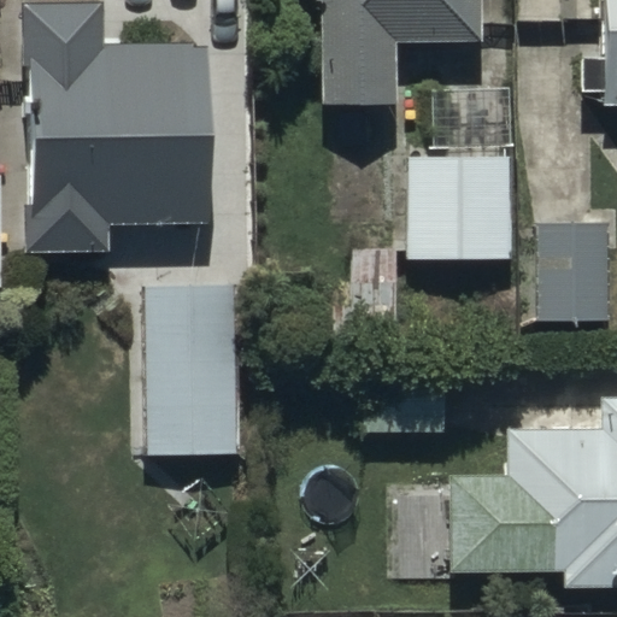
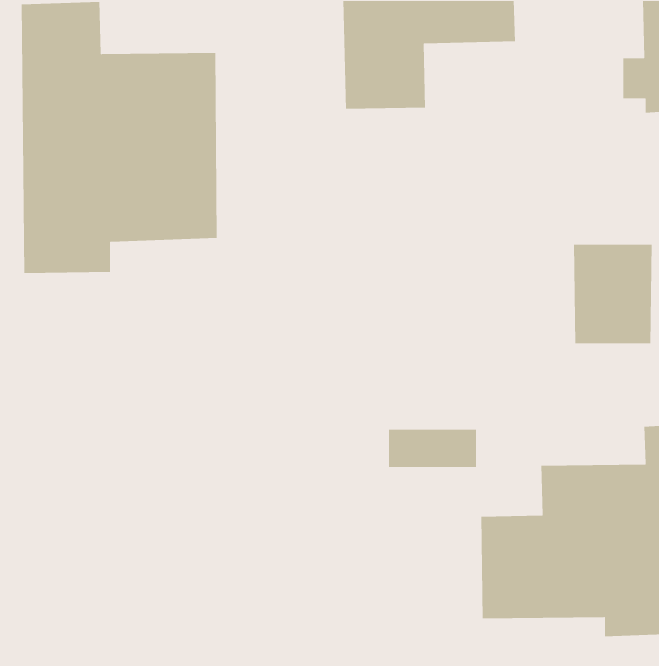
building: [410,83,512,254] -> none
building: [143,287,239,456] -> none

